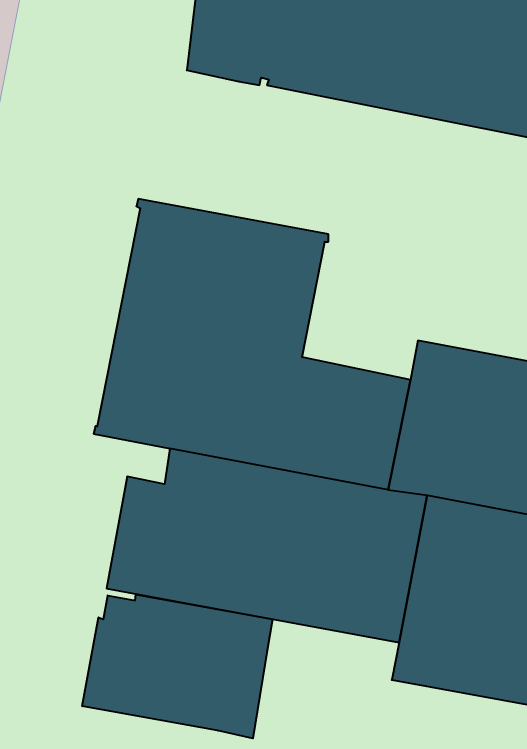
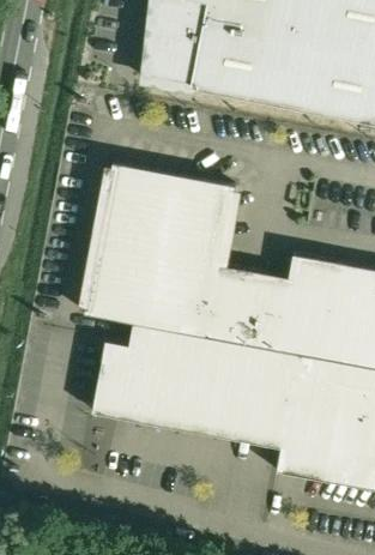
building: [82,594,273,738] -> none

